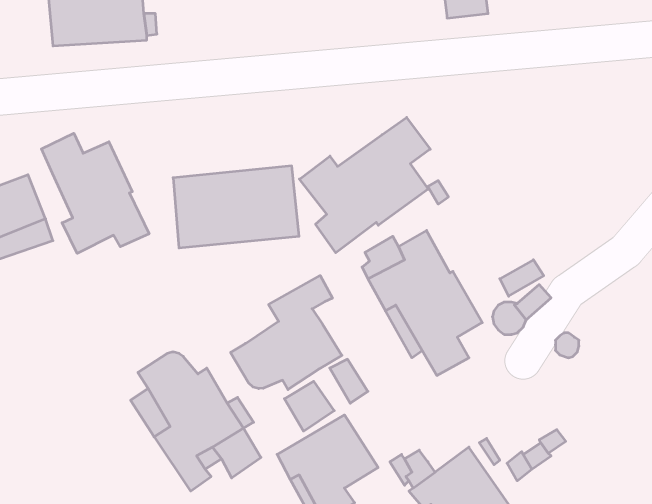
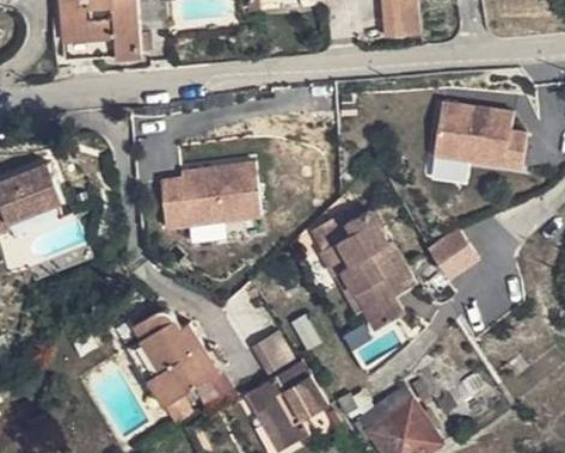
building: none -> [434,93,530,169]
building: [299,117,430,253] -> none
building: [41,133,149,253] -> none
building: [231,276,342,390] -> none

